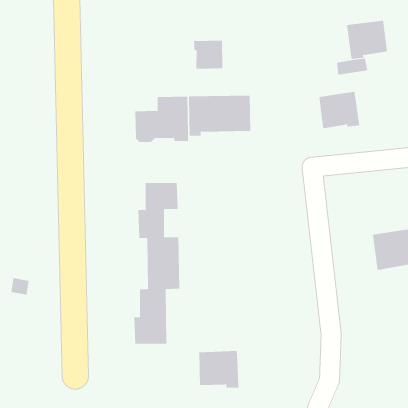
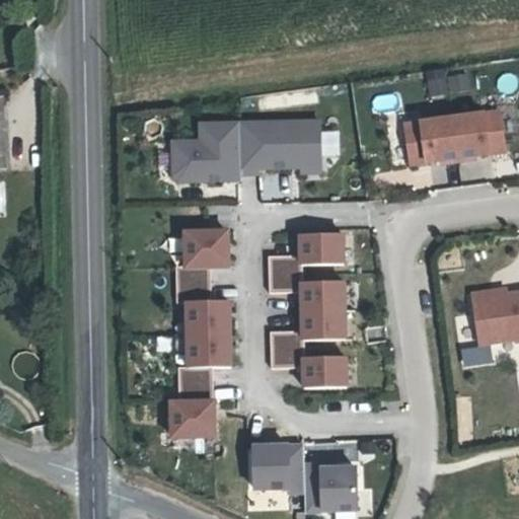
building: [346,20,388,59] -> [451,109,504,159]
building: [194,40,223,70] -> none
building: none -> [268,233,346,387]
building: none -> [303,463,356,511]

